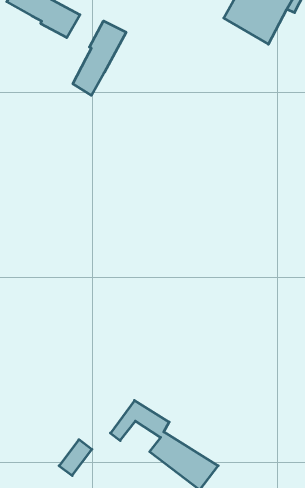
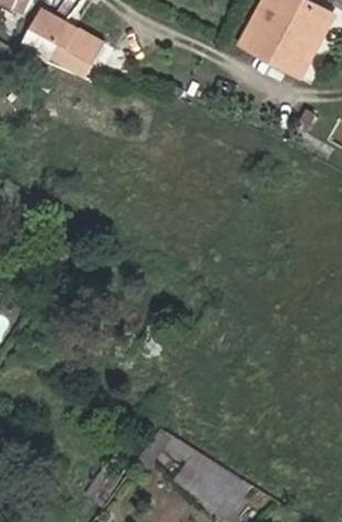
building: [73,21,126,95] -> none

